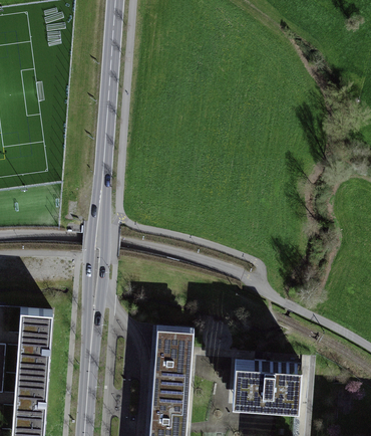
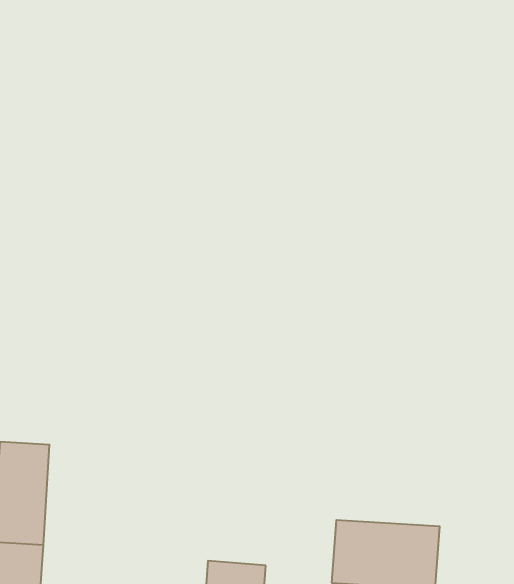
building: [152,330,194,392] -> none

